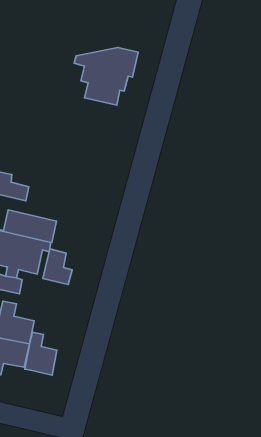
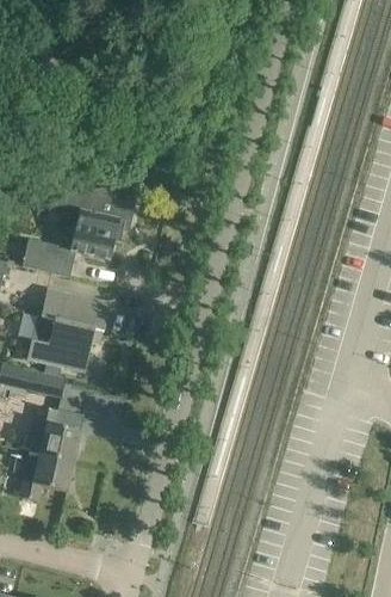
building: [74,47,138,105] -> [55,185,137,259]
building: [43,249,72,284] -> none
building: [25,332,57,375] -> none

